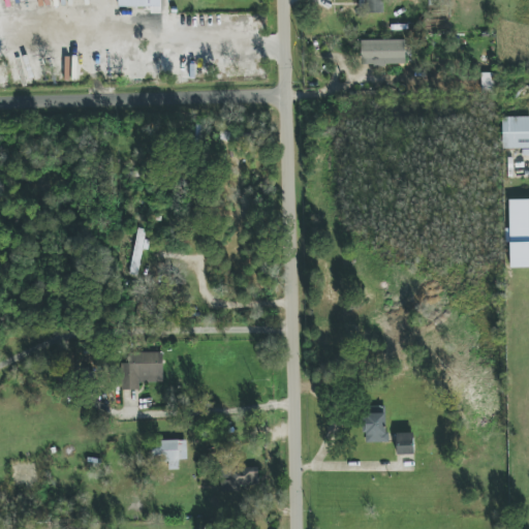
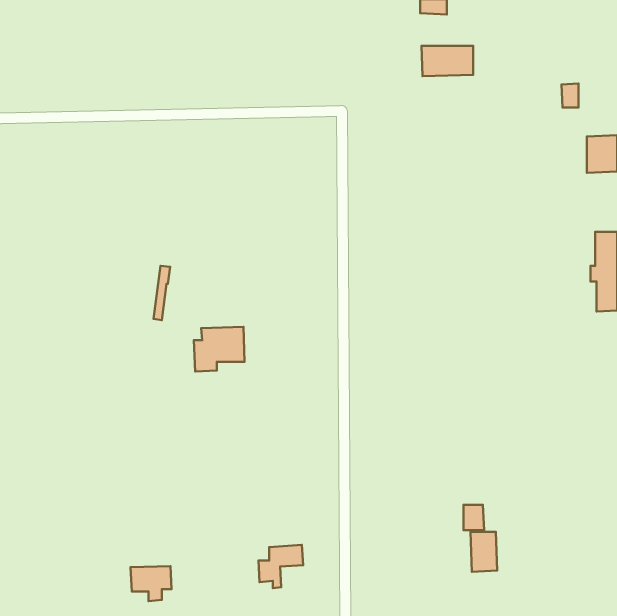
building: [120,351,163,390] -> [194,327,245,372]
building: [365,408,387,442] -> [471,532,497,572]
building: [152,439,187,469] -> [131,566,172,601]

